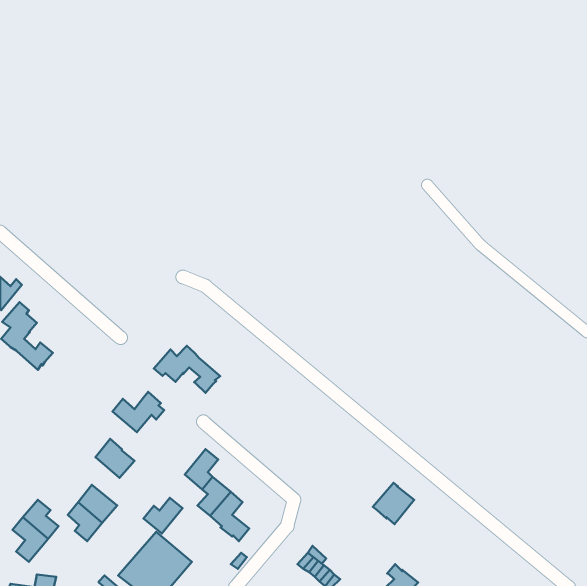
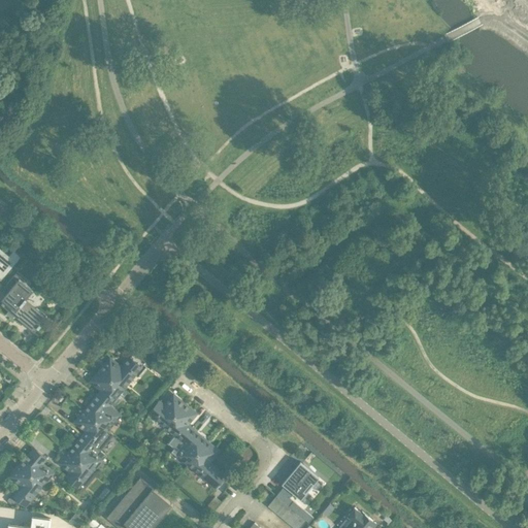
building: [154,346,220,393] -> none
building: none -> [92,370,123,404]
building: none -> [76,411,107,446]
building: [373,483,414,524] -> [282,462,319,499]
building: [143,498,182,533] -> [150,395,185,427]

